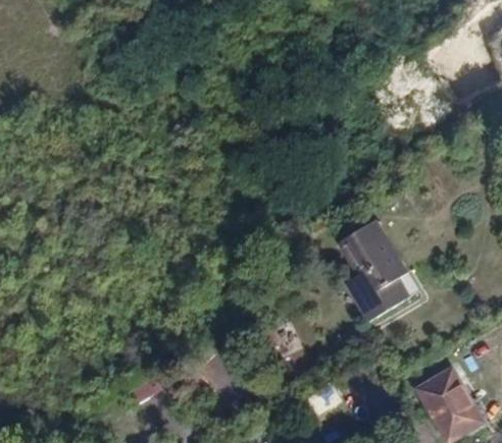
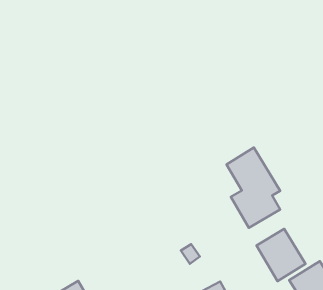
building: none -> [256,229,305,281]

